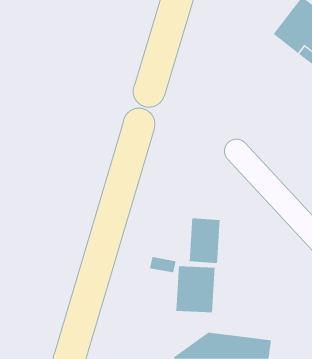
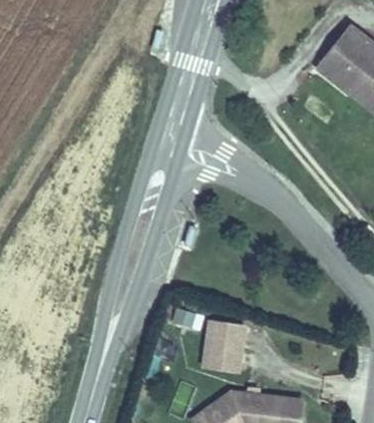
building: [189,218,220,264] -> none

